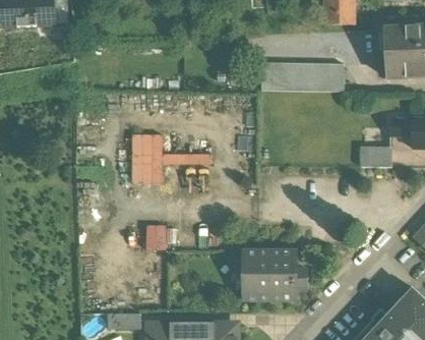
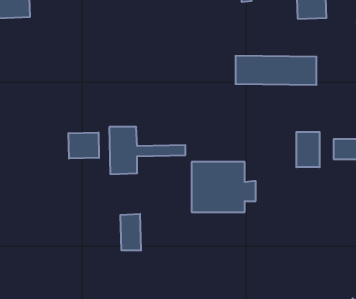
building: none -> [296,132,320,167]
building: none -> [69,132,99,159]
building: [243,248,308,299] -> [192,162,256,212]

